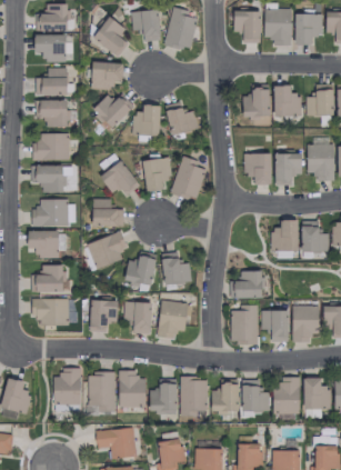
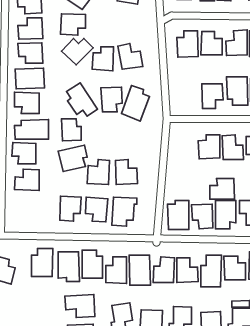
building: [244,153,271,184] -> none
building: [230,271,262,298] -> [210,179,235,199]
building: [32,298,69,326] -> none

